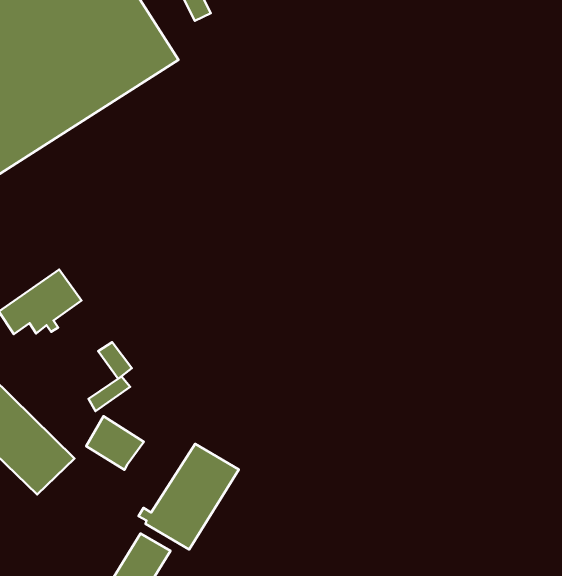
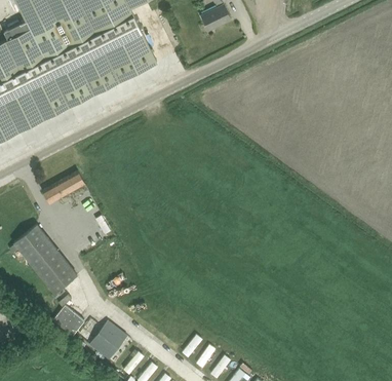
building: [86,416,144,470] -> [53,305,85,336]
building: [138,444,239,550] -> none

